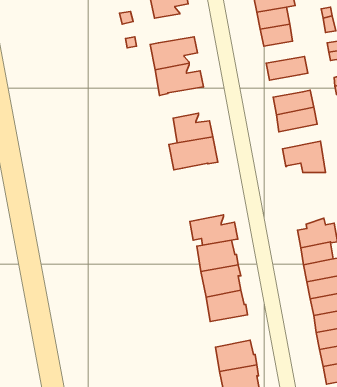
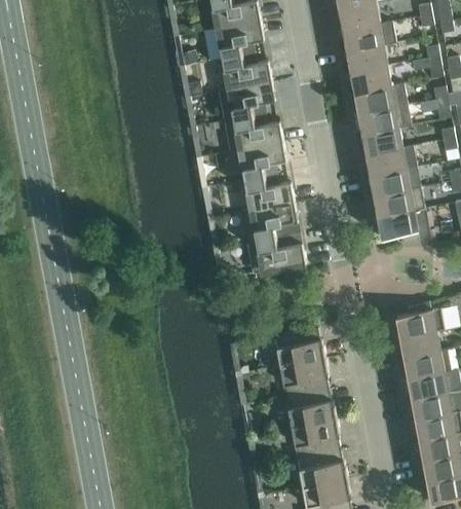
building: none -> [223,53,271,88]
building: none -> [355,84,405,113]
building: none -> [362,128,402,154]
building: none -> [239,142,286,180]
building: none -> [374,187,424,217]
building: [190,215,238,245] -> [246,234,305,271]
building: none -> [291,419,339,458]

